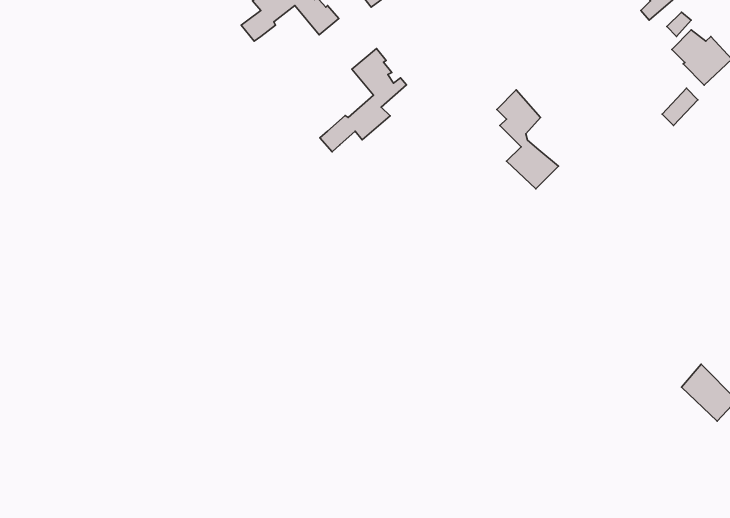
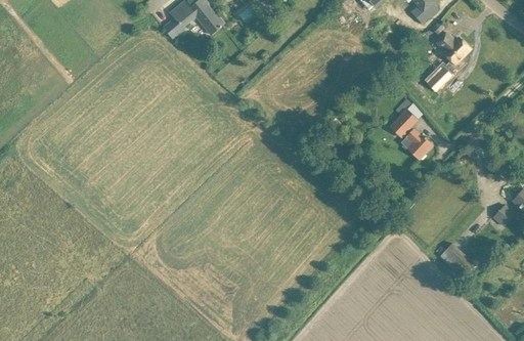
building: [320,48,407,152] -> none
building: [497,90,558,189] -> [394,96,433,159]

